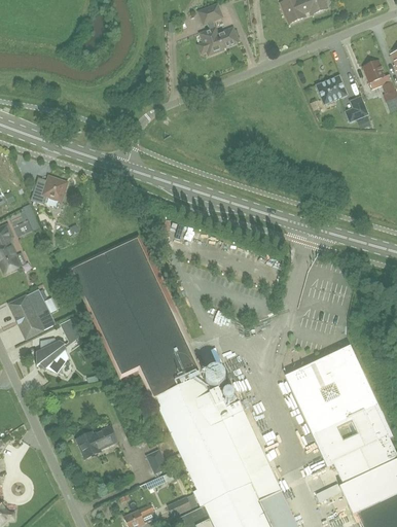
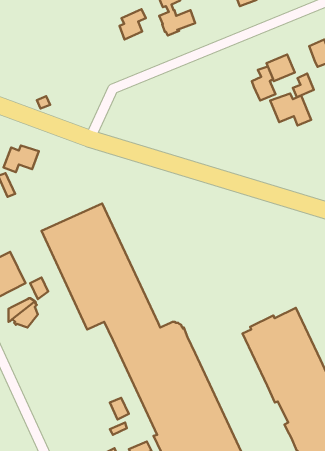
building: none -> [119,9,146,39]
building: none -> [252,66,276,101]
building: none -> [270,93,311,125]
building: [76,427,117,457] -> none

